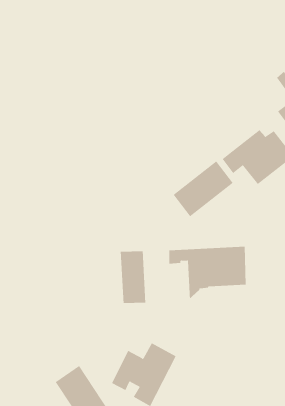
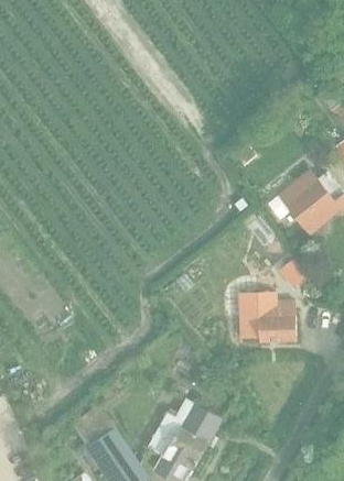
building: [173,161,233,217] -> none
building: [120,251,146,304] -> none

